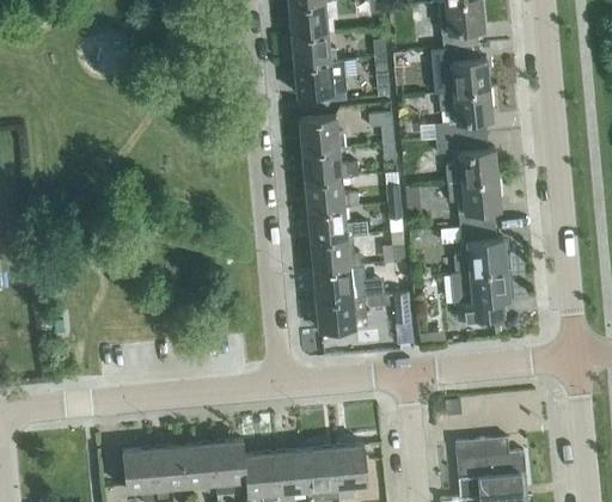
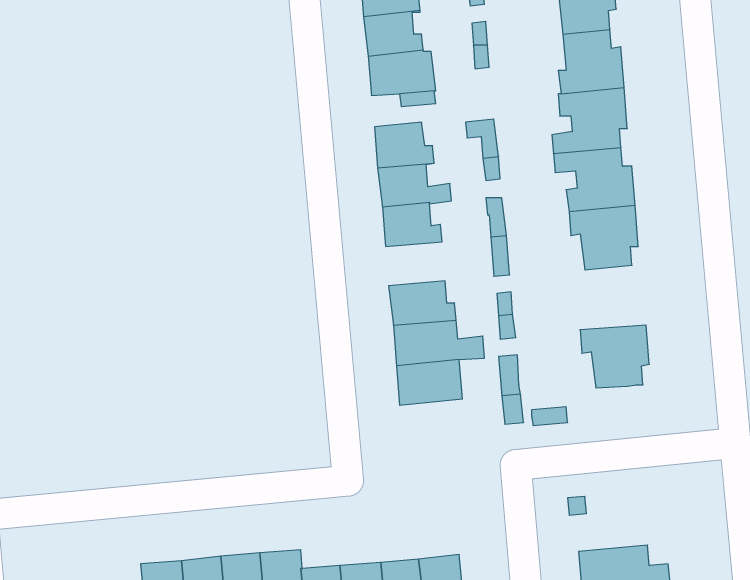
building: [308,207,368,240] -> none
building: [454,225,507,274] -> none

